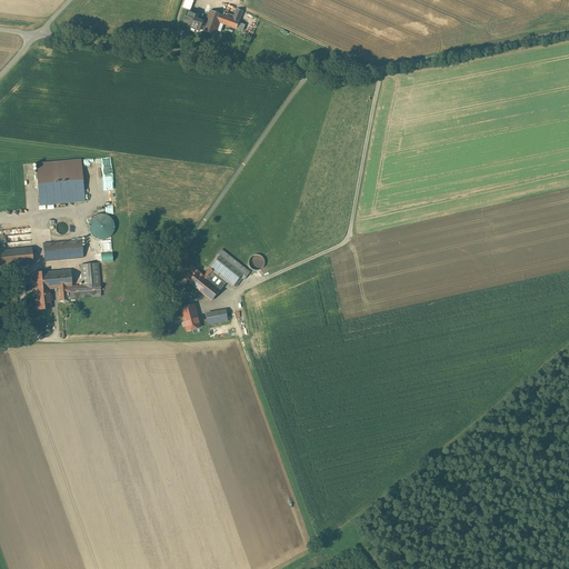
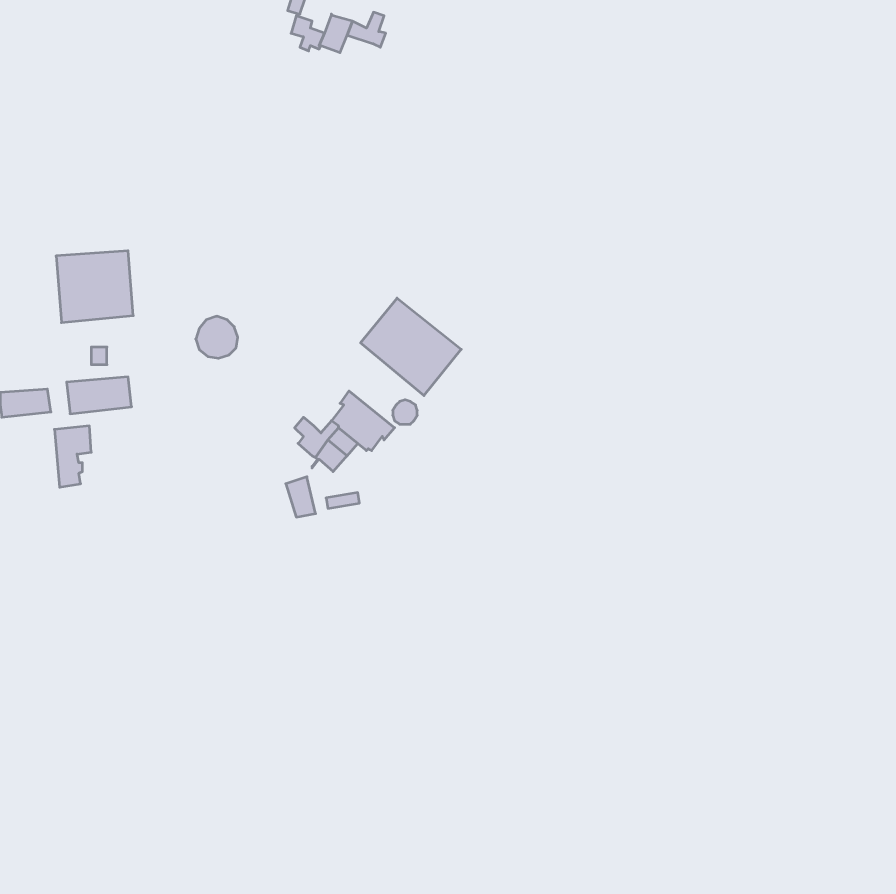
building: none -> [361,298,461,396]
building: [88,212,114,239] -> [196,316,238,358]
building: [57,262,101,299] -> none

